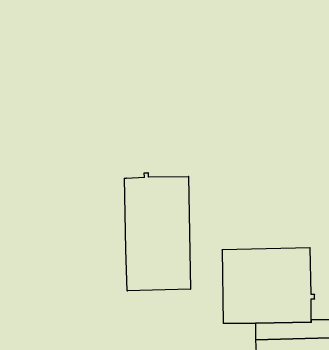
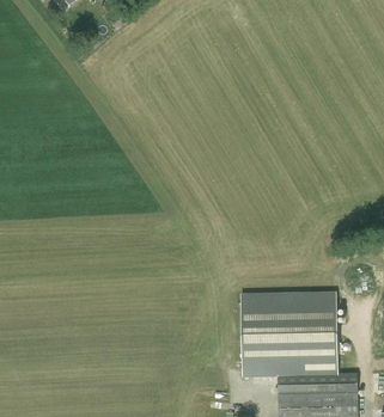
building: [124,173,190,291] -> none

